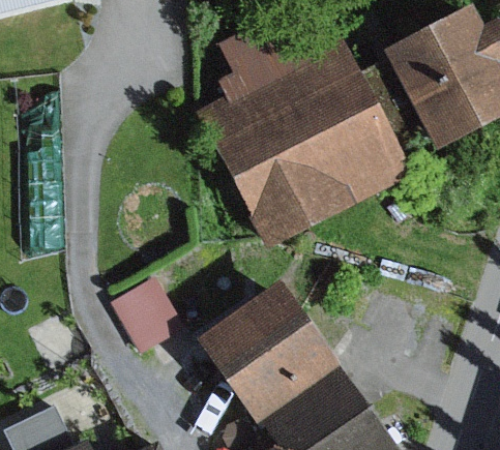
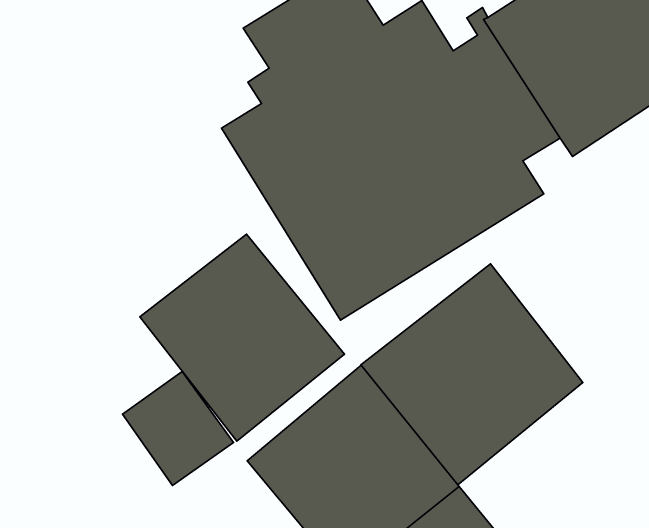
building: none -> [140,234,344,441]
building: none -> [361,264,583,485]

